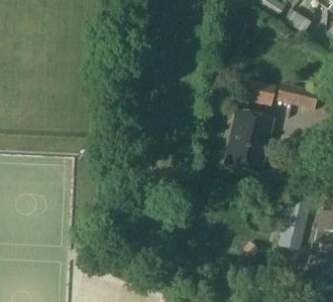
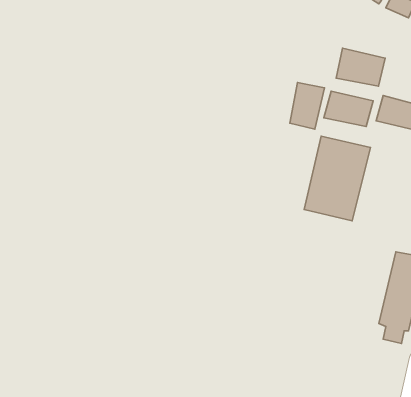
building: none -> [336,48,385,86]
building: none -> [290,82,324,129]

